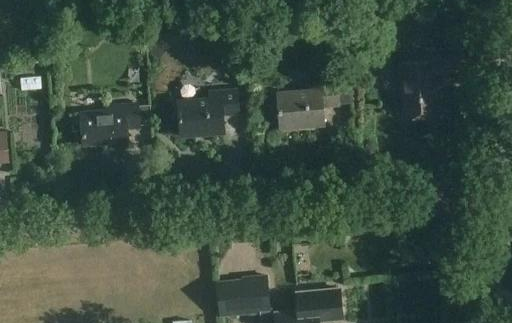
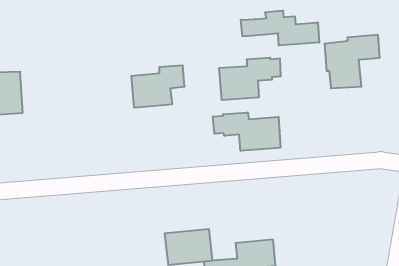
building: none -> [241,10,319,46]
building: [80,103,139,144] -> none
building: none -> [213,112,280,151]

